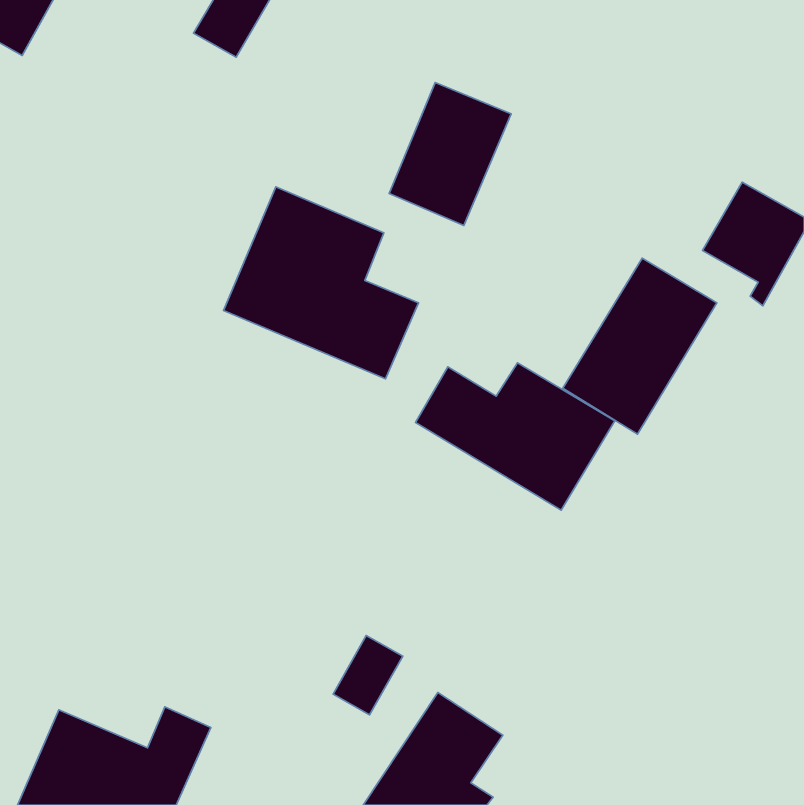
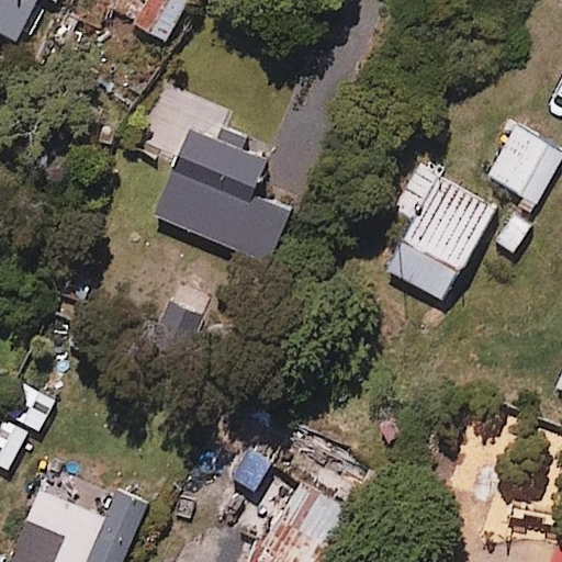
building: [389,82,511,226] -> none
building: [416,363,615,510] -> none

